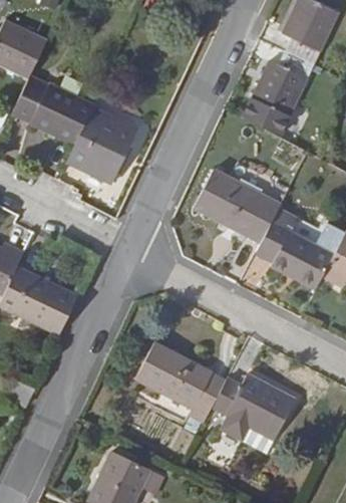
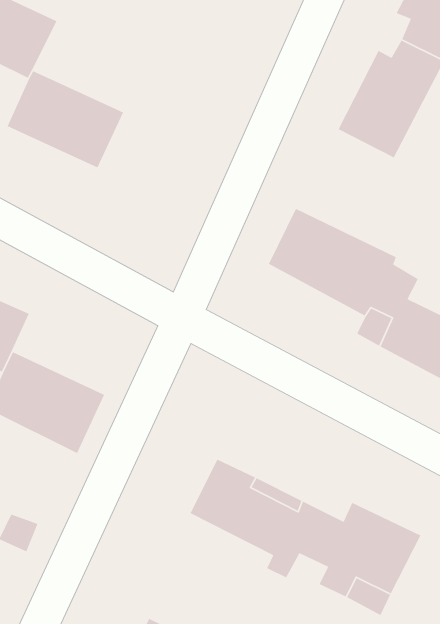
building: [65,107,135,184] -> none

